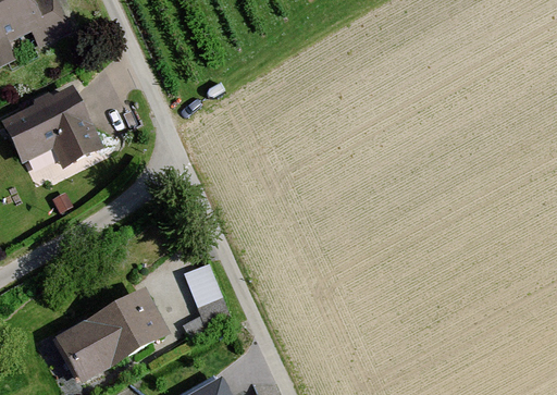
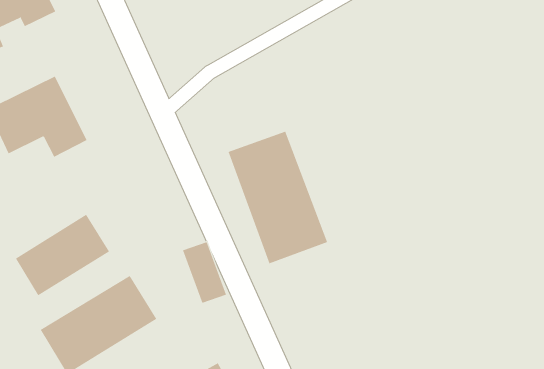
building: none -> [228,131,328,264]
building: none -> [15,214,110,296]

